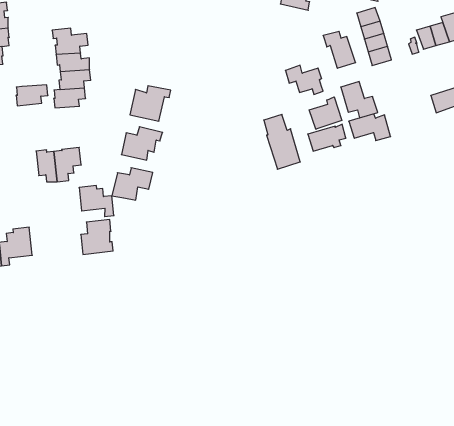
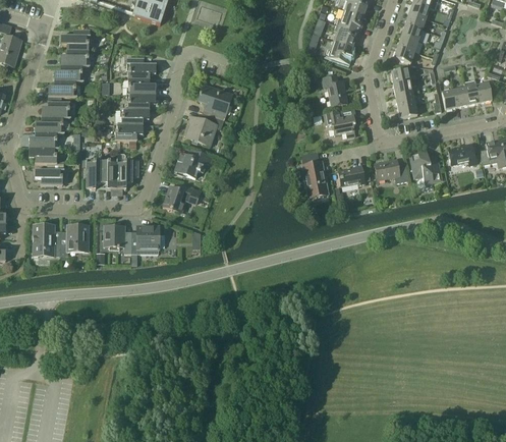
building: [323,31,356,68] -> [323,74,348,106]
building: none -> [199,84,233,119]
building: [341,82,378,118] -> [411,150,441,181]
building: [16,85,48,106] -> [116,123,144,140]
building: [309,97,342,129] -> none
building: none -> [87,159,102,186]
building: [79,186,114,217] -> [105,225,132,253]

